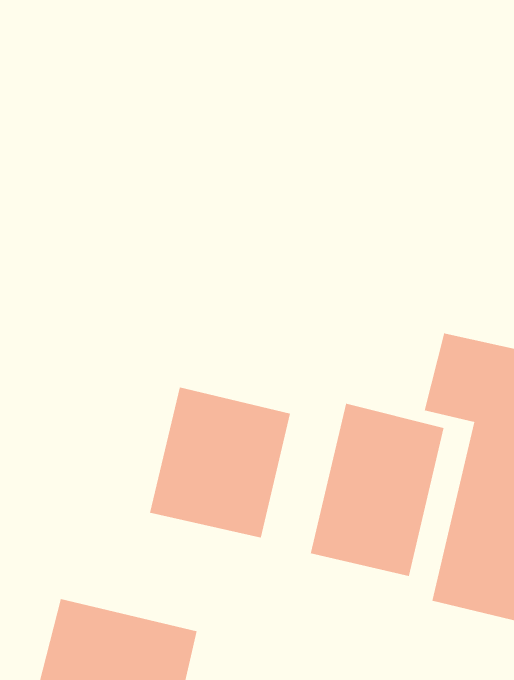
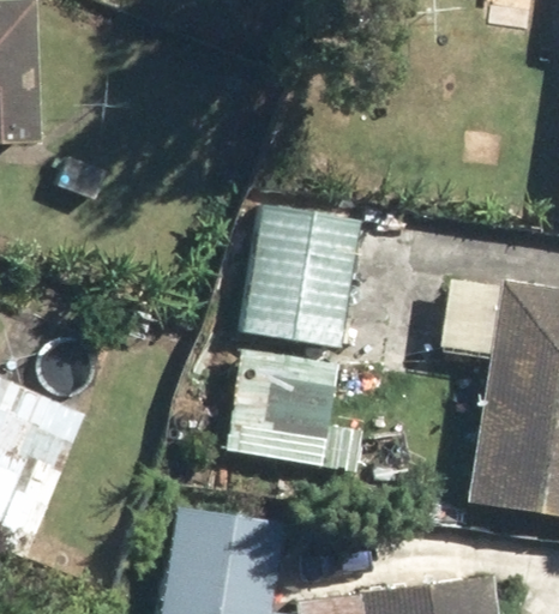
building: none -> [240,205,362,347]
building: [310,403,444,577] -> none

